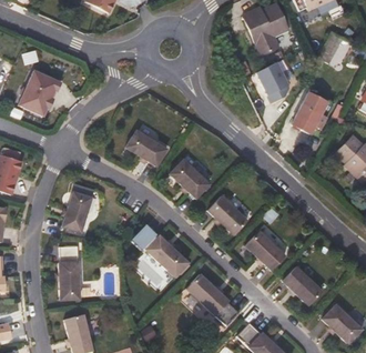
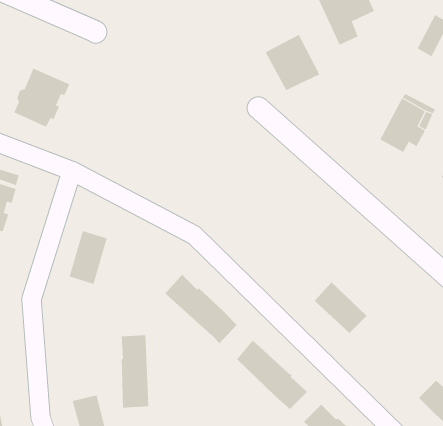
building: [256,56,297,98] -> [265,34,320,91]
building: [123,130,164,165] -> none
building: [167,159,207,198] -> none
building: [205,195,245,234] -> none
building: [58,245,79,300] -> [121,335,149,408]
building: [281,265,319,304] -> none

